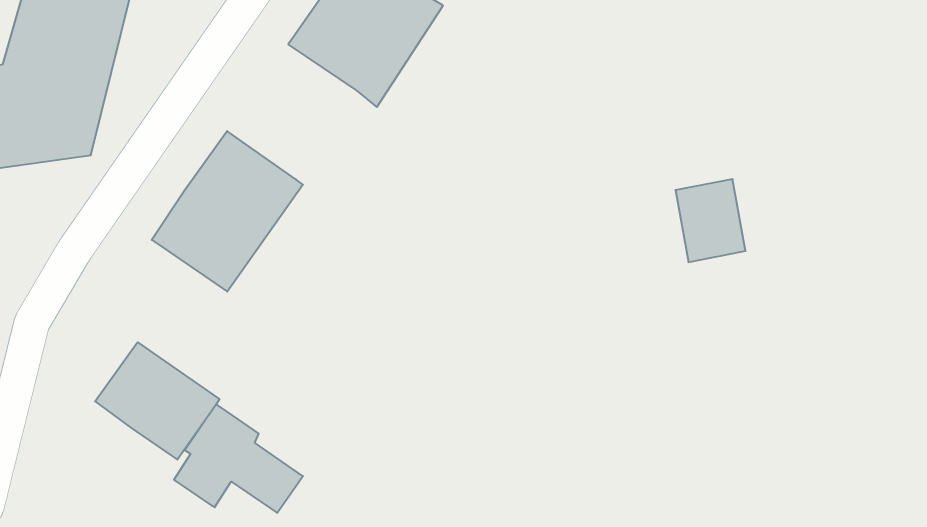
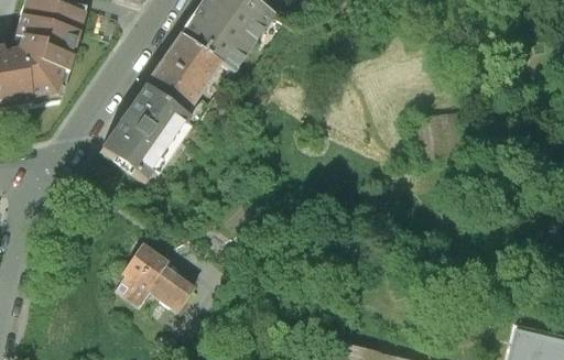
building: none -> [144,35,221,116]
building: [95,342,219,460] -> none

